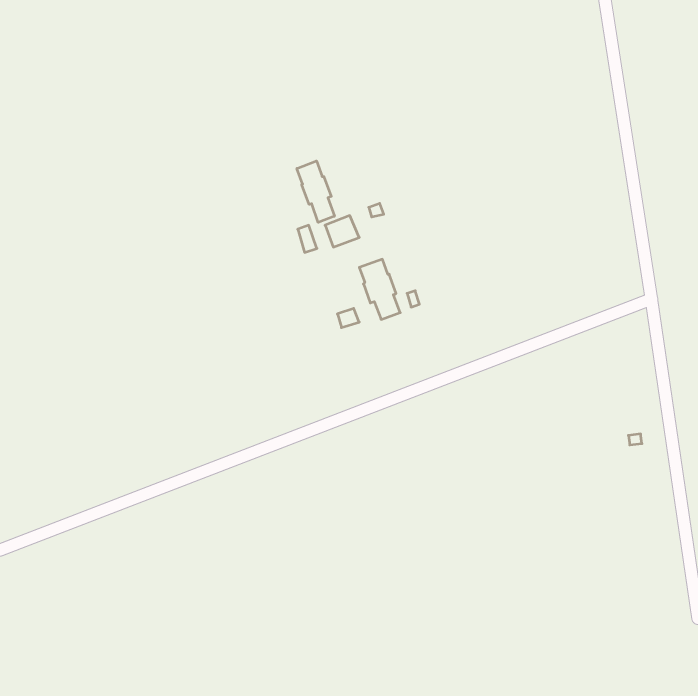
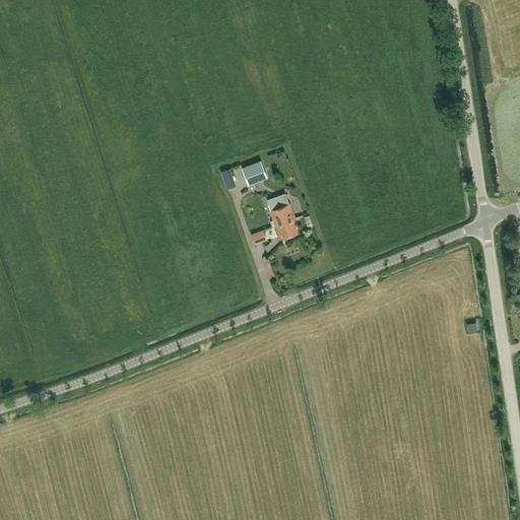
building: [297,161,334,222] -> none

